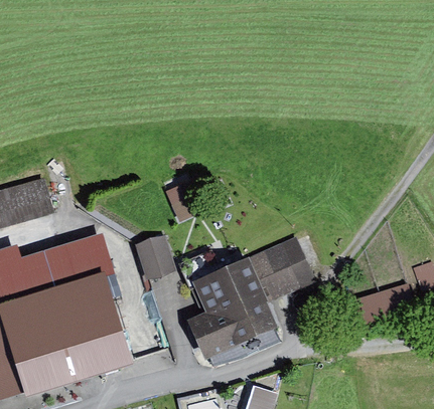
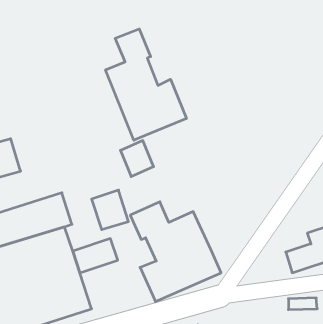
building: none -> [106,29,186,140]
building: [247,235,315,300] -> none

